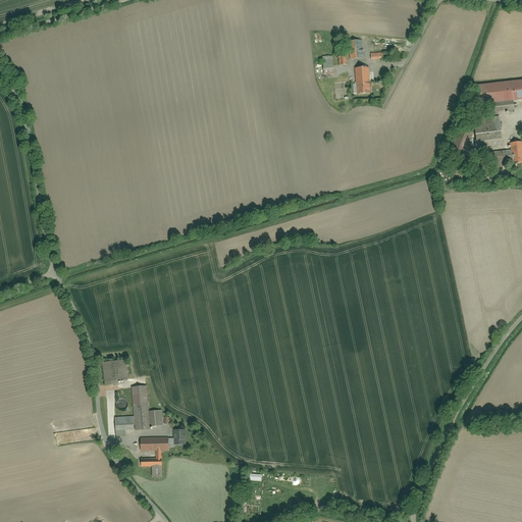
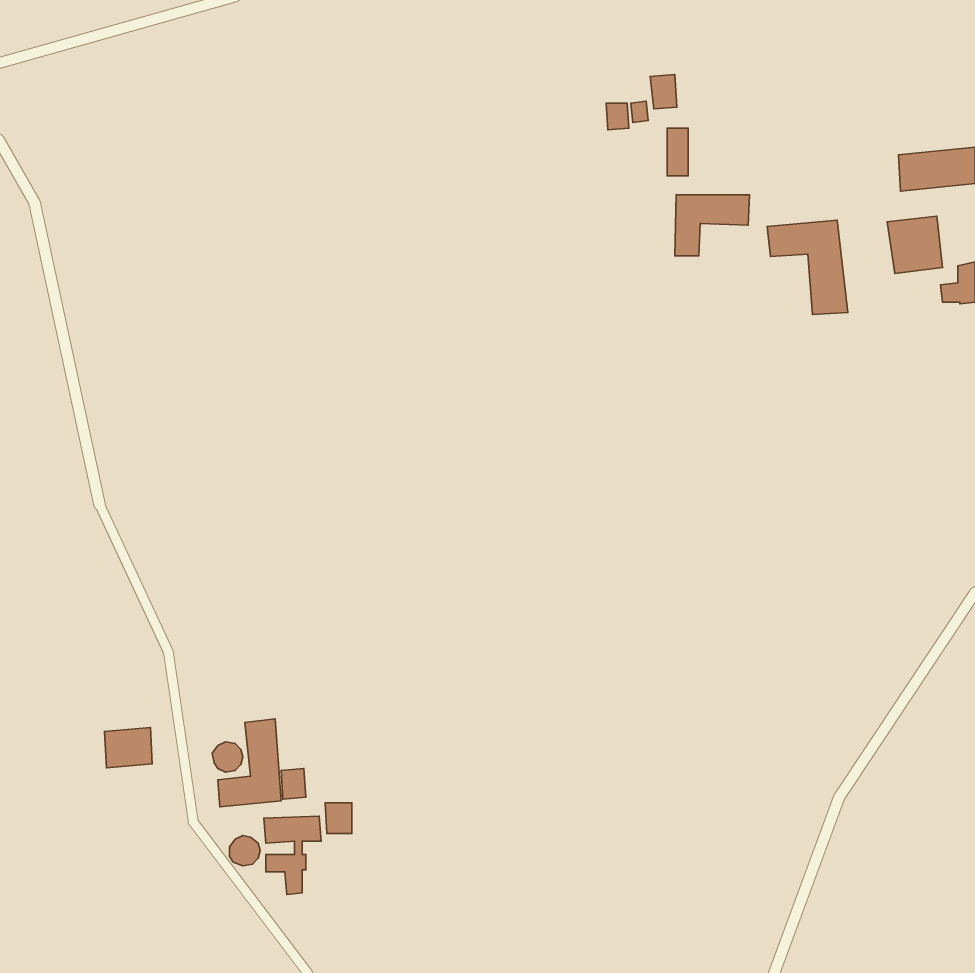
building: none -> [675,195,750,256]
building: none -> [767,220,848,315]
building: [104,360,129,381] -> [104,728,152,768]

